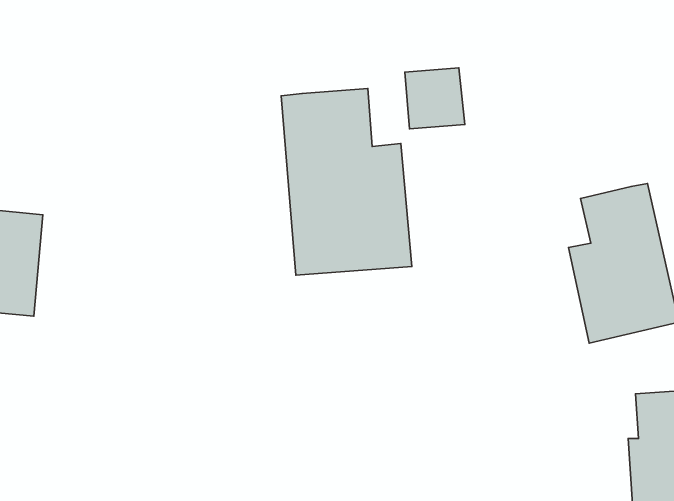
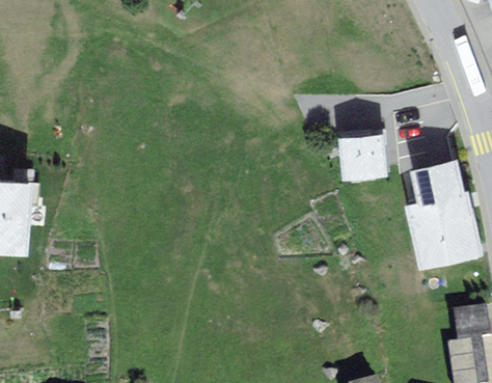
building: [405,68,465,129] -> [338,134,380,176]
building: [281,89,412,275] -> none

